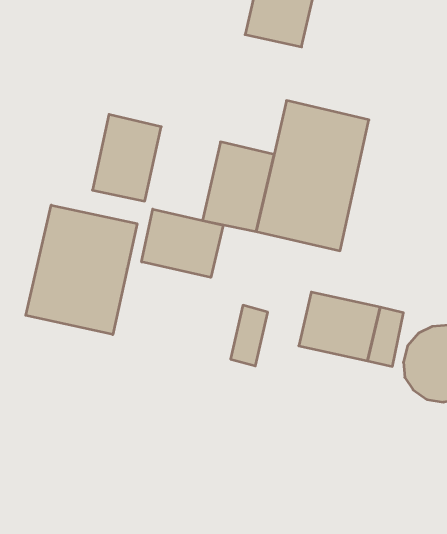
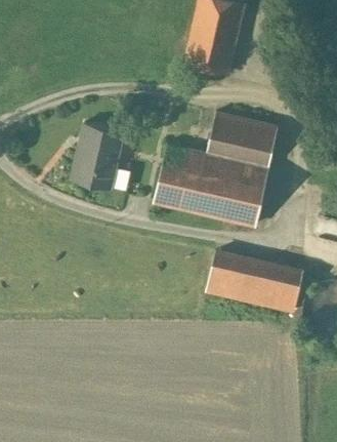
building: [26,205,137,335] -> none
building: [142,209,223,277] -> none
building: [231,305,268,366] -> [207,250,235,295]

